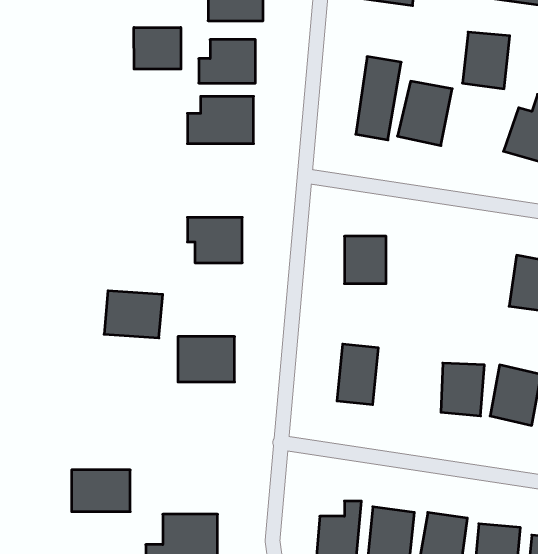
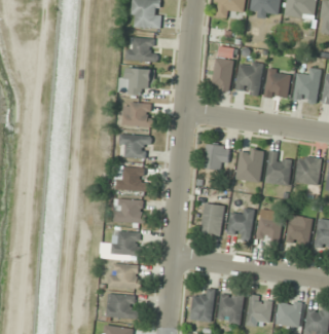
building: [134,27,181,69] -> none
building: [462,32,510,89] -> [263,70,289,101]
building: none -> [121,103,150,126]
building: none -> [234,148,263,183]
building: none -> [265,153,291,185]
building: [104,291,163,338] -> [115,166,147,192]
building: none -> [228,211,253,240]
building: none -> [111,232,140,256]
building: [72,470,130,512] -> [109,265,141,288]

